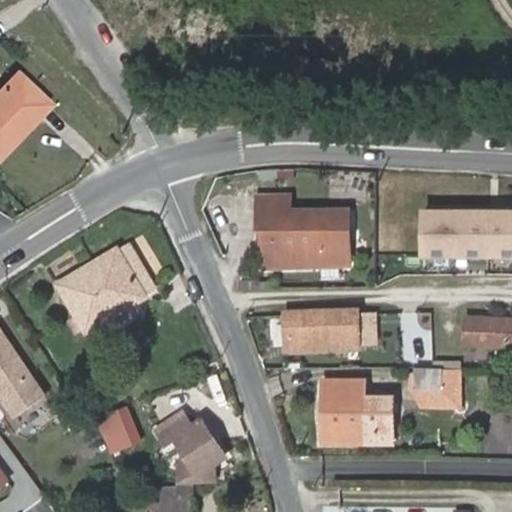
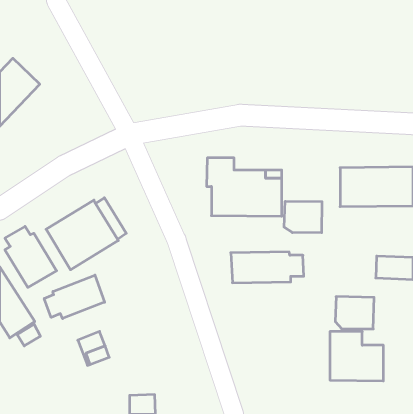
building: none -> [284,201,322,233]
building: none -> [5,226,57,287]
building: none -> [44,275,105,319]
building: [323,380,389,441] -> [330,332,383,381]
building: [160,414,225,484] -> none

